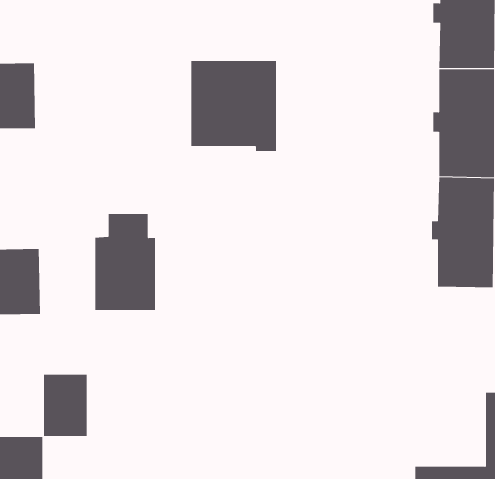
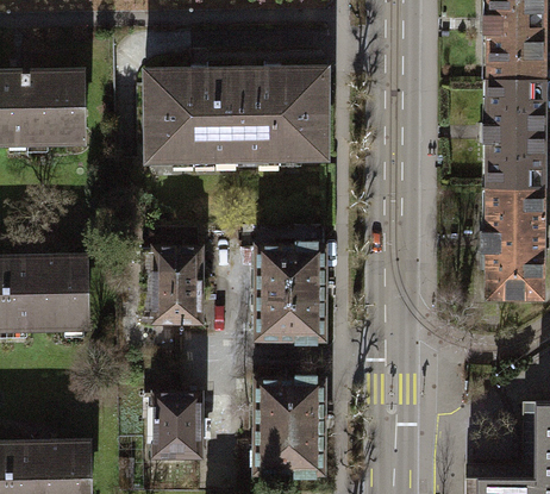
building: none -> [145,70,238,163]
building: none -> [258,239,325,342]
building: none -> [257,373,325,475]
building: [43,374,87,436] -> [157,392,201,454]

